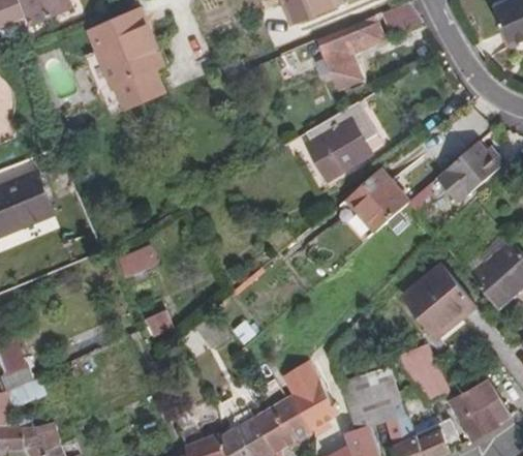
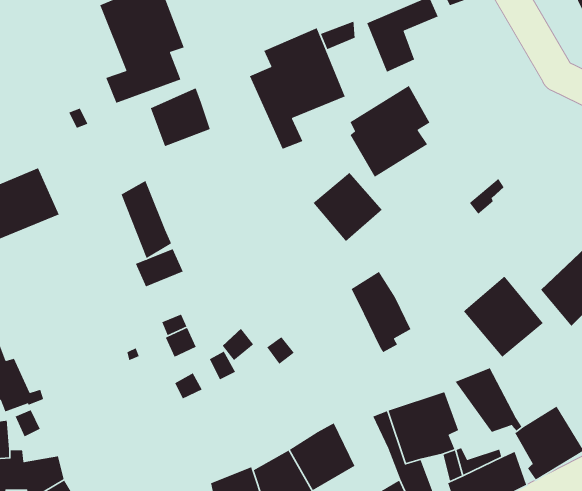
building: none -> [249,27,346,150]
building: none -> [150,87,211,147]
building: [436,144,498,205] -> none
building: [345,172,406,233] -> [313,172,383,242]
building: none -> [121,180,172,259]
building: [285,365,338,436] -> [351,271,411,353]

